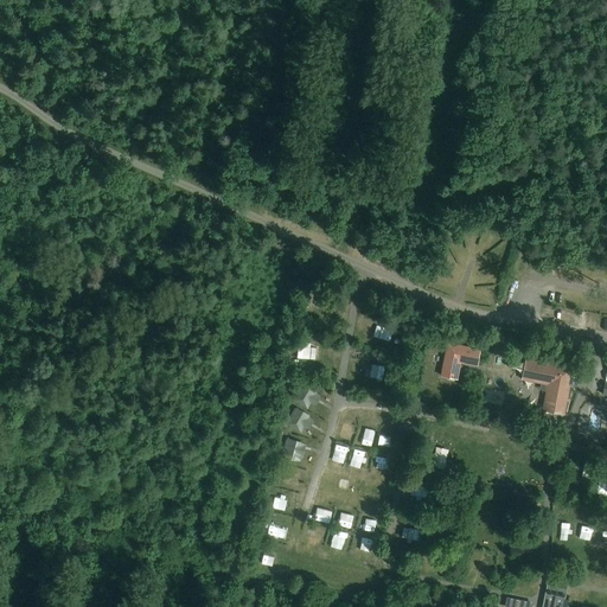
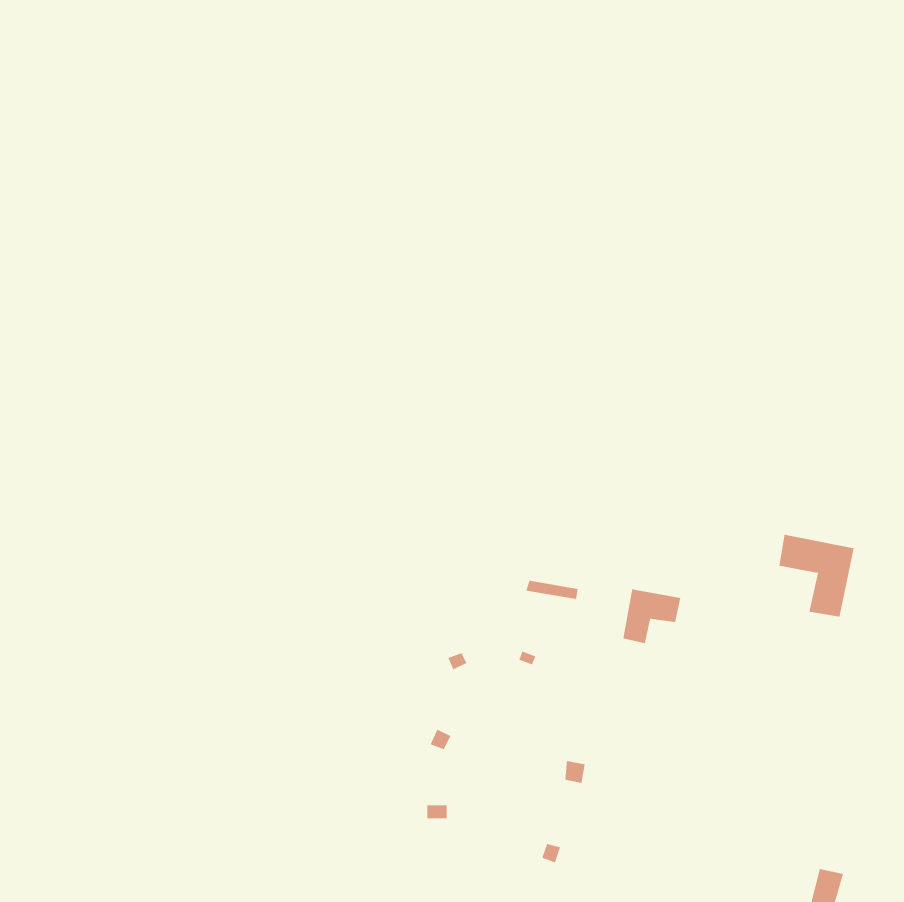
building: [441,344,480,381] -> [623,589,681,644]

